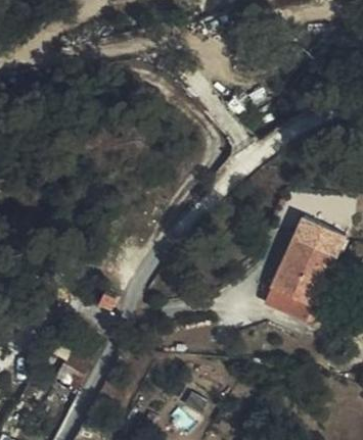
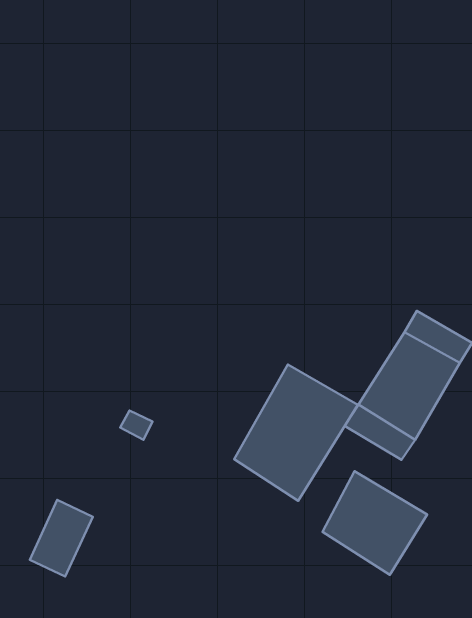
building: none -> [234,365,358,501]
building: none -> [322,471,427,575]

